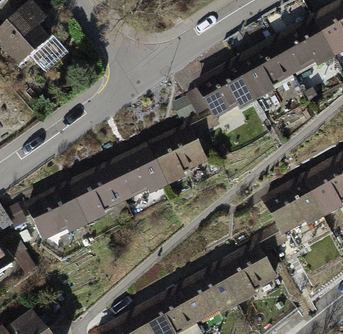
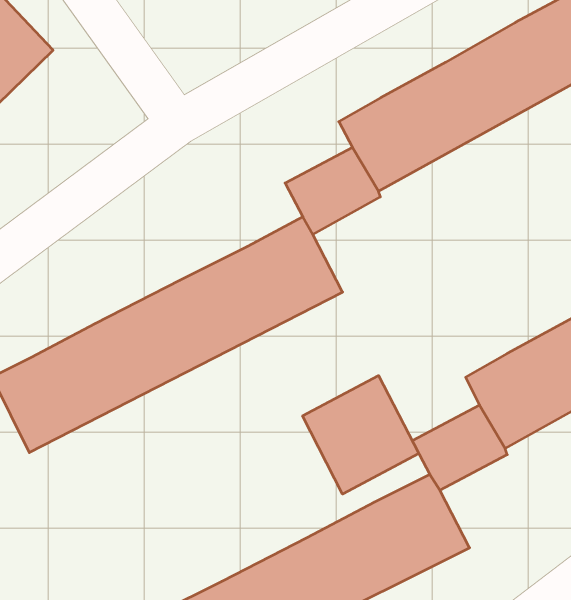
building: none -> [303,376,419,494]

